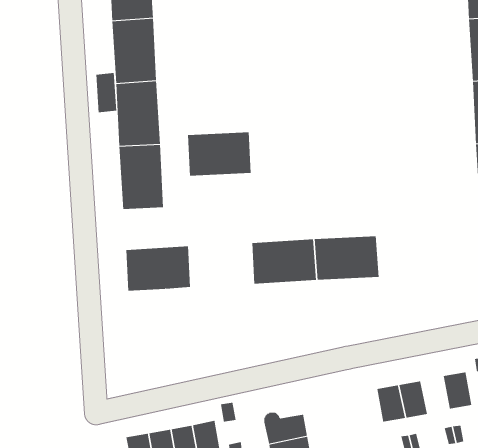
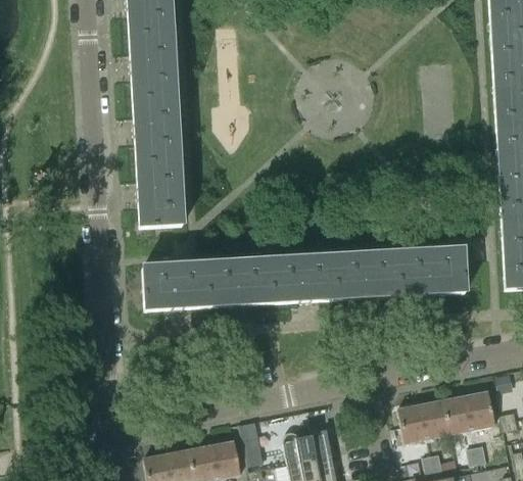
building: [96,72,117,113] -> none
building: [187,132,252,176] -> [208,259,274,304]
building: none -> [398,248,466,294]
building: none -> [443,394,472,433]

